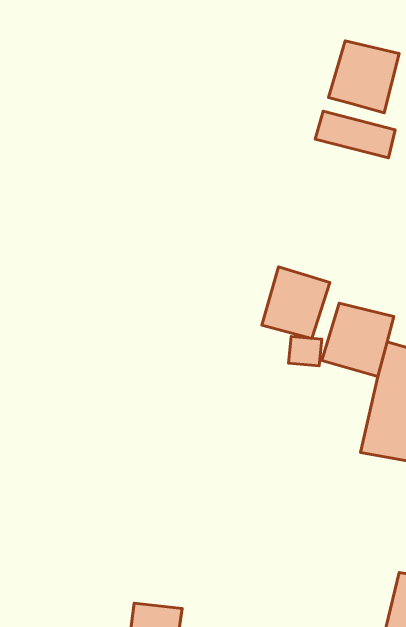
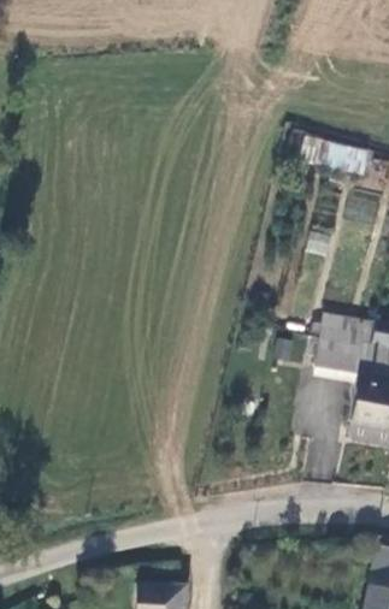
building: [329,41,399,113] -> none
building: [262,267,330,338] -> none

